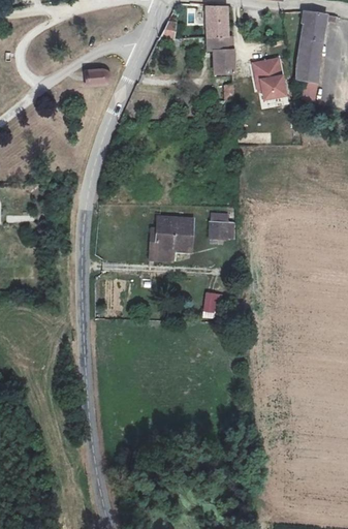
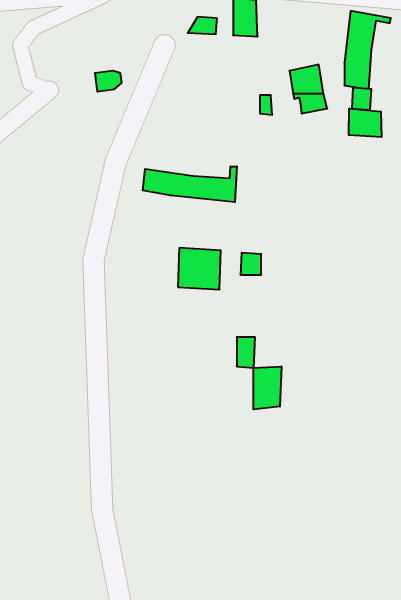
building: [202,36,234,75] -> none
building: none -> [349,108,382,137]
building: none -> [143,166,237,202]
building: none -> [253,366,281,409]

